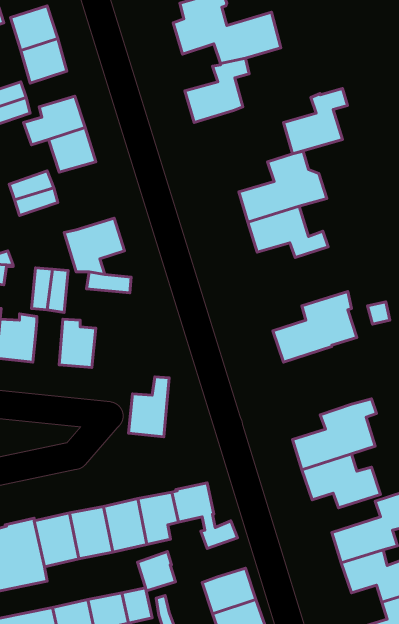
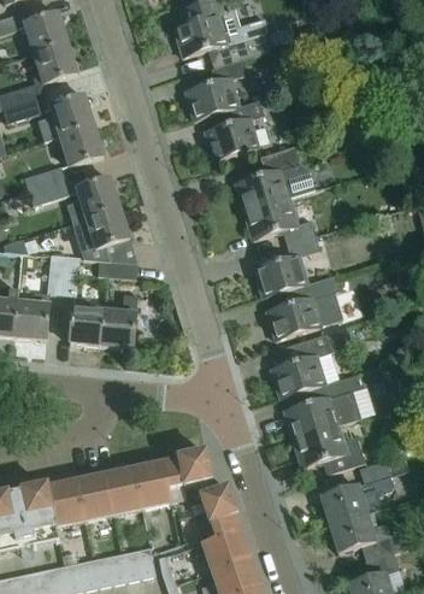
building: [283,88,348,154] -> [205,100,264,160]
building: none -> [67,177,120,220]
building: none -> [254,234,322,296]
building: none -> [271,330,353,398]
building: [128,377,169,437] -> [100,293,137,348]
building: [137,552,176,591] -> [206,501,241,537]

